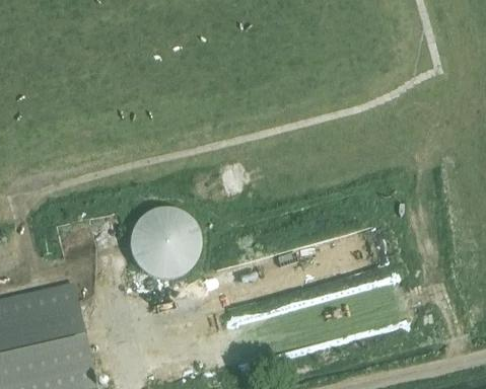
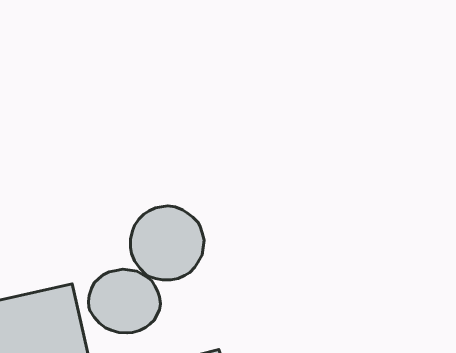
building: none -> [88,269,160,333]

